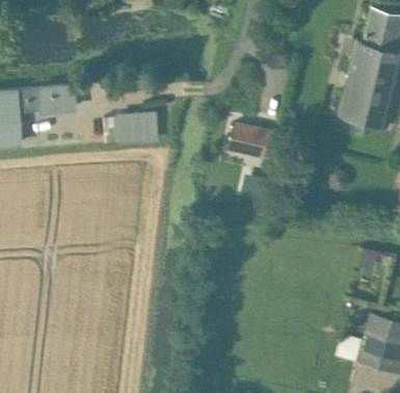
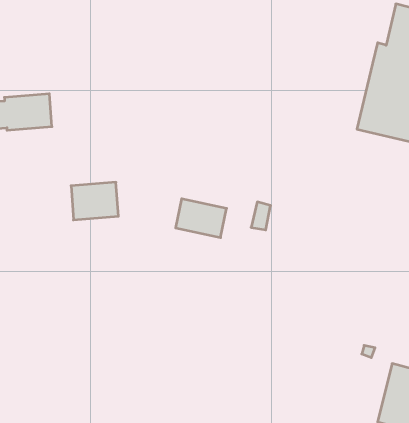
building: [117,111,158,143] -> [71,182,118,220]
building: [230,127,273,160] -> [176,199,227,238]

